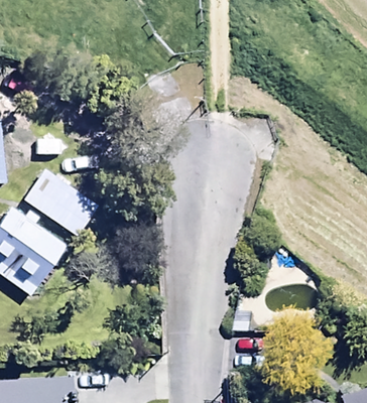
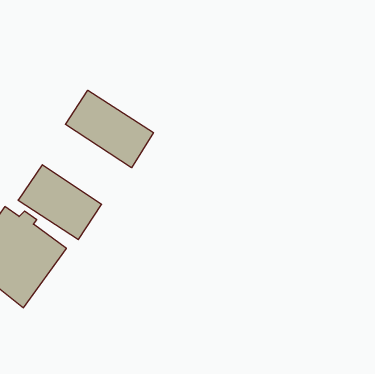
building: none -> [65,90,153,168]

